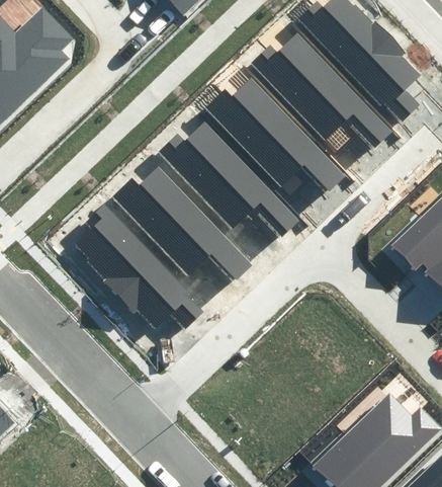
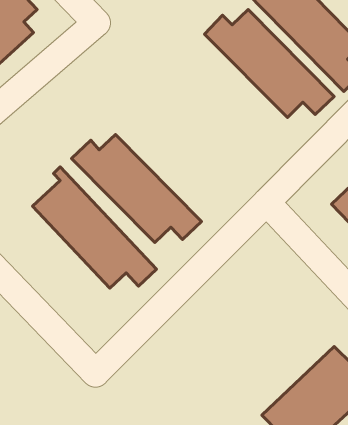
building: [205,80,343,194] -> none
building: [160,121,297,236] -> none

